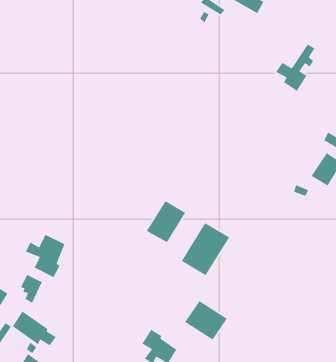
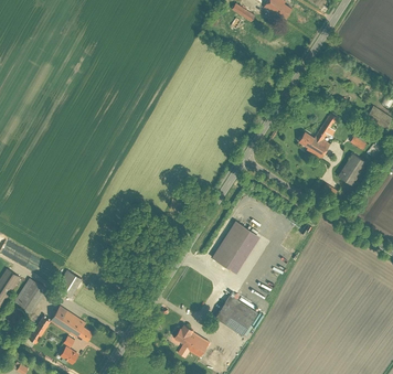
building: [275,44,315,92] -> [298,114,337,160]
building: [146,200,186,243] -> none
building: [25,234,66,278] -> none

